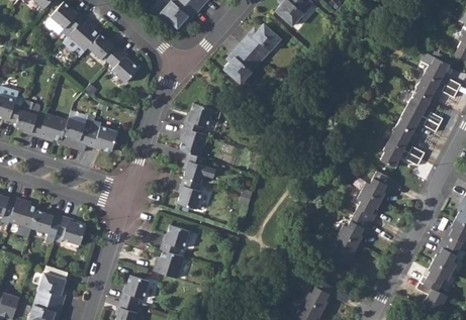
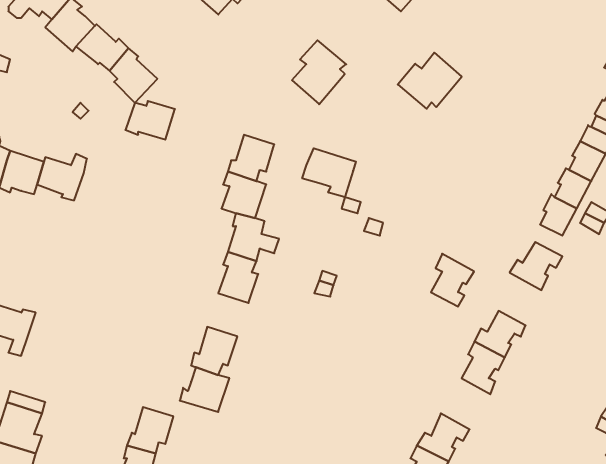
building: [240,24,280,60] -> [398,53,462,109]
building: none -> [302,148,356,197]
building: [86,127,117,151] -> [125,101,175,140]
building: [354,191,381,224] -> [431,254,474,307]
building: [56,216,86,245] -> none

